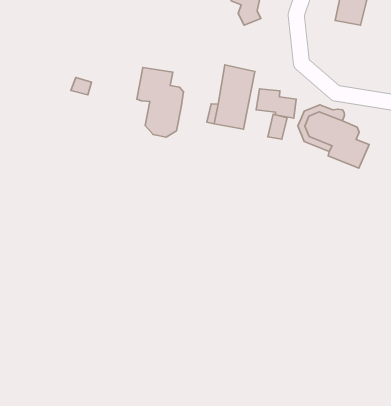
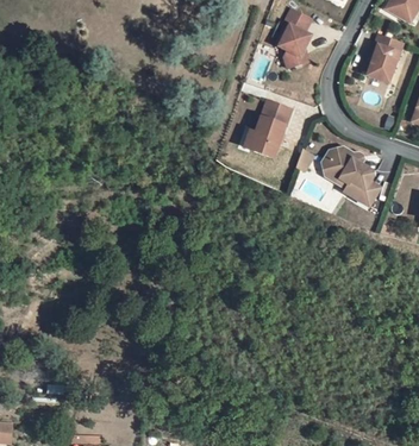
building: [137,68,184,137] -> none
building: [256,89,296,118] -> none

